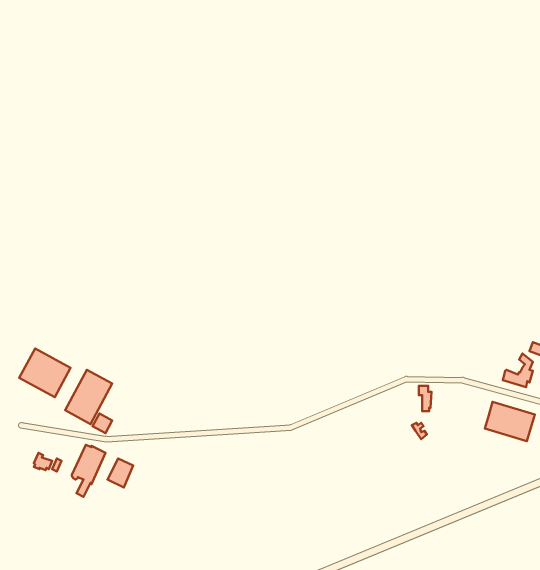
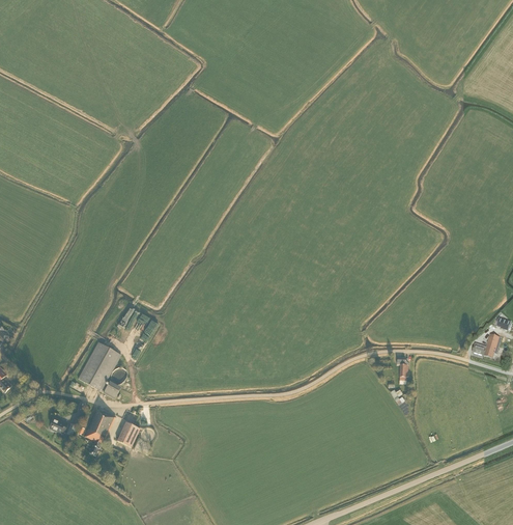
building: [19,349,70,397] -> none
building: [485,402,535,441] -> none

